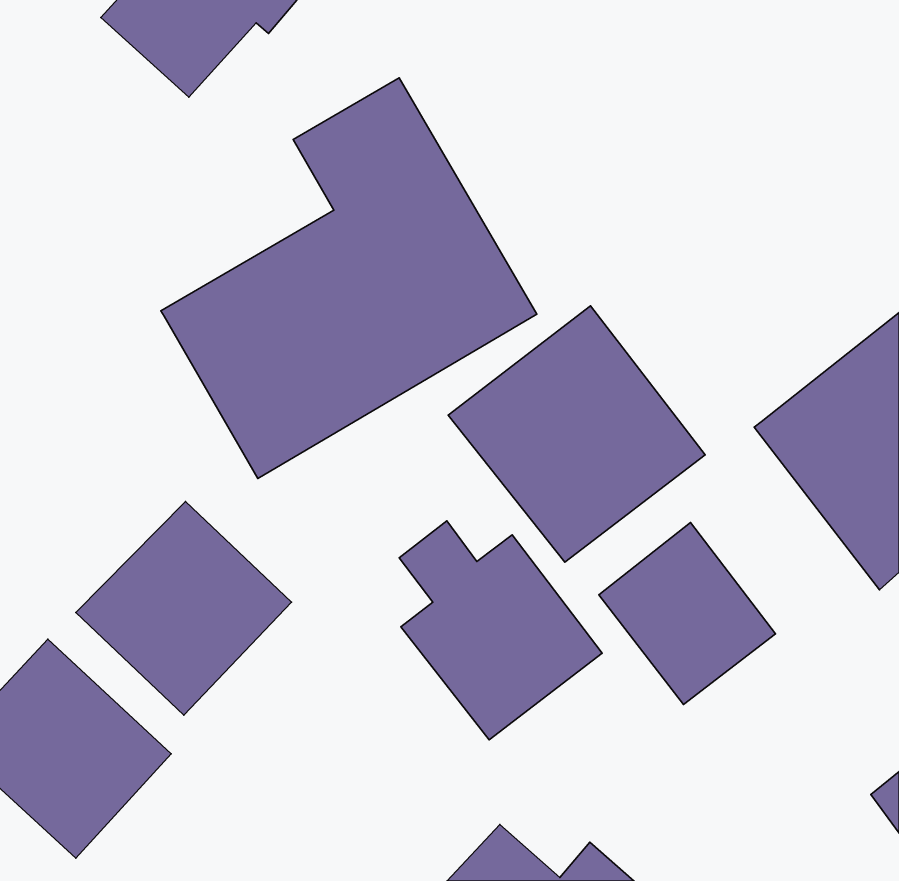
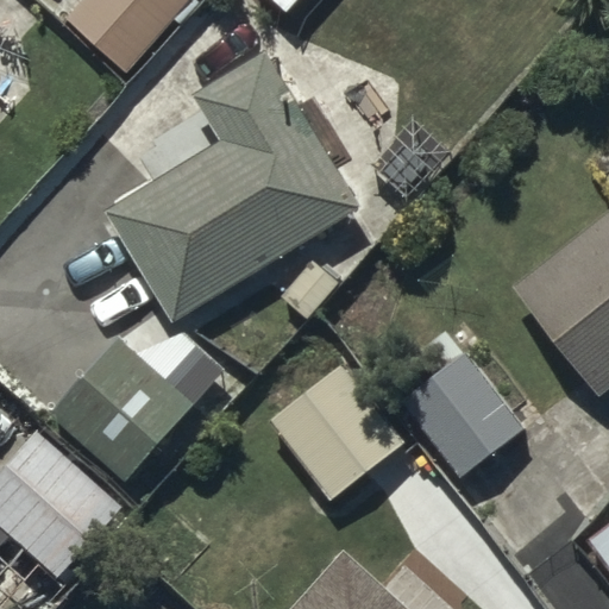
building: [448,306,705,562] -> none

